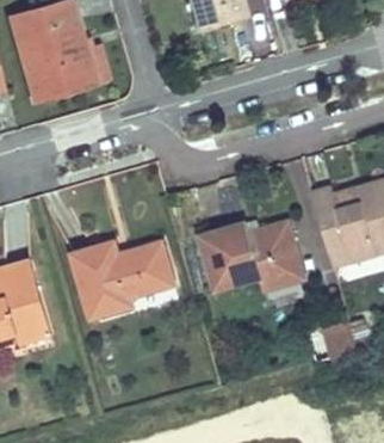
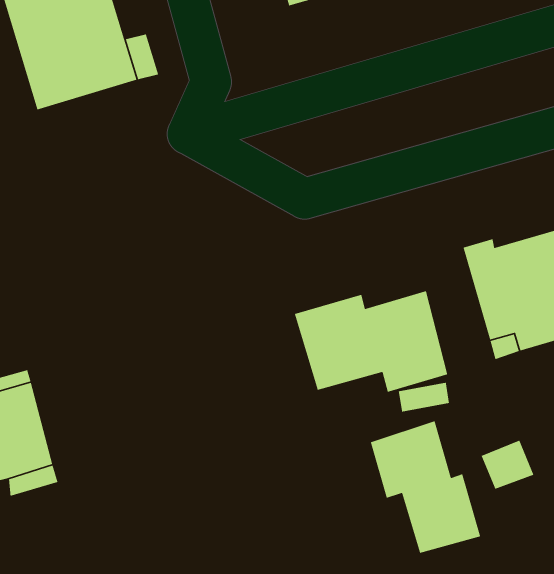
building: [74,241,175,315] -> none
building: none -> [370,420,481,554]

